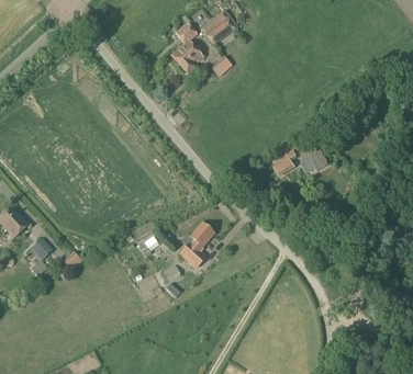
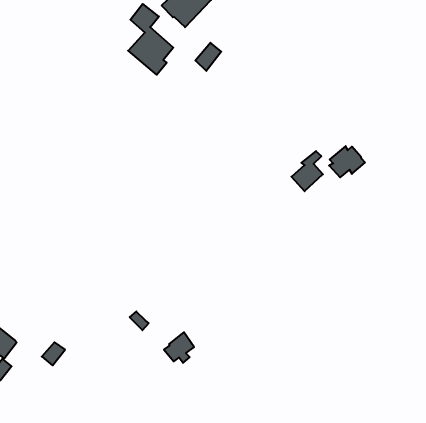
building: [180,220,214,267] -> none

